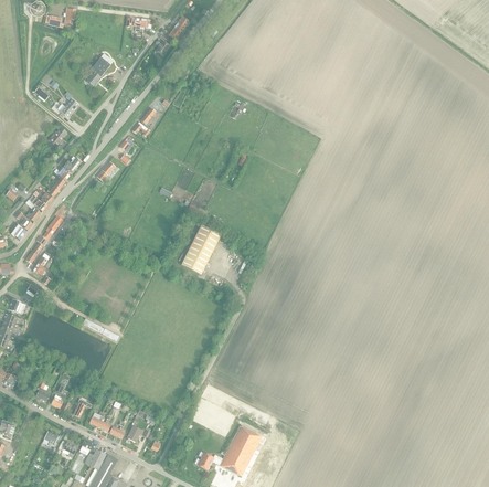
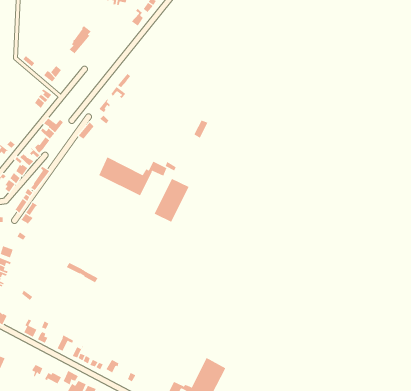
building: none -> [99,156,167,196]

